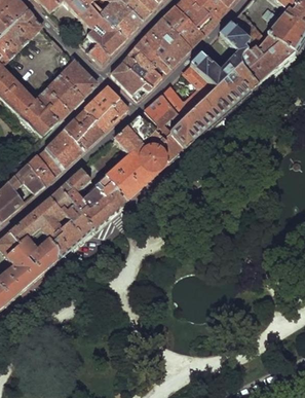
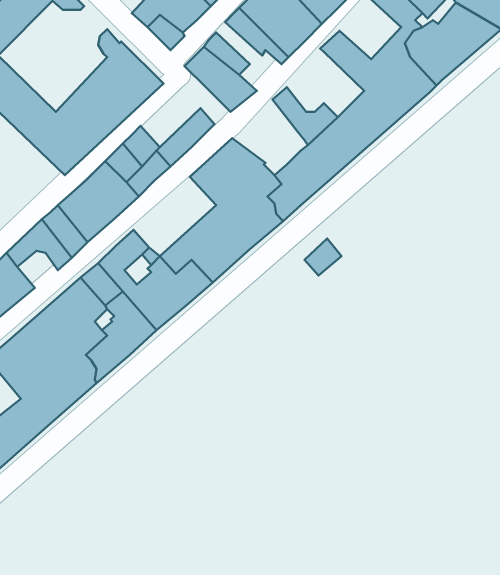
building: [128,47,162,87] -> none
building: [183,65,215,103] -> none
building: [84,85,119,120] -> none
building: [138,93,176,137] -> none

